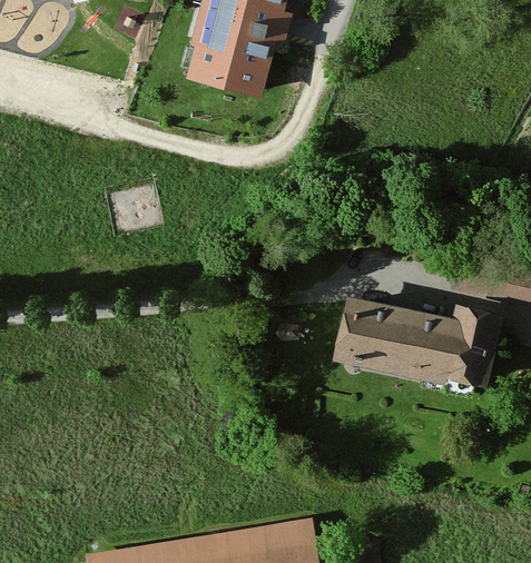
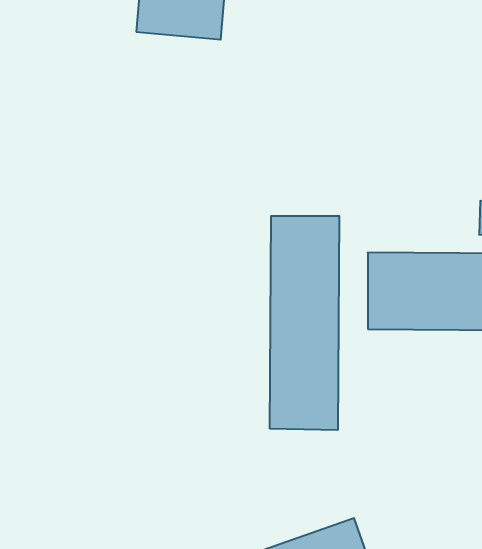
building: none -> [270,216,339,430]

